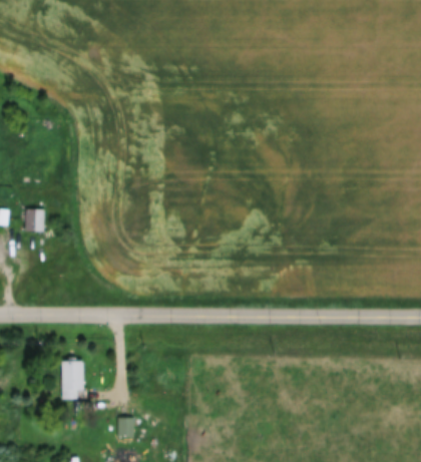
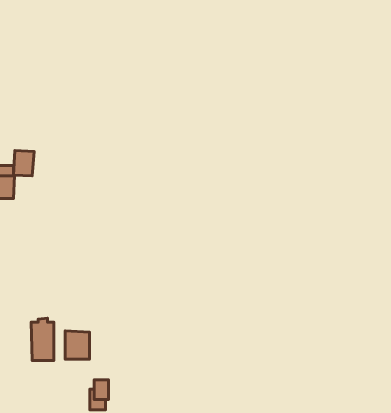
building: none -> [14,150,34,176]
building: none -> [65,331,89,359]

